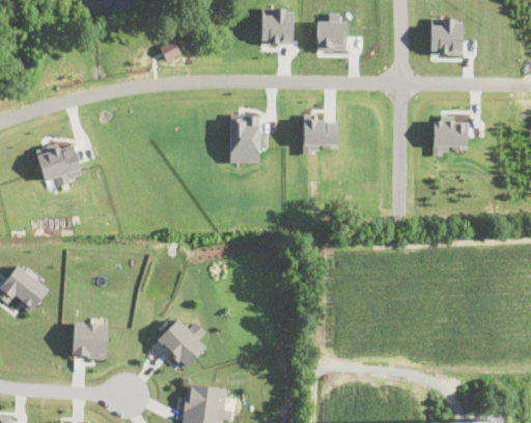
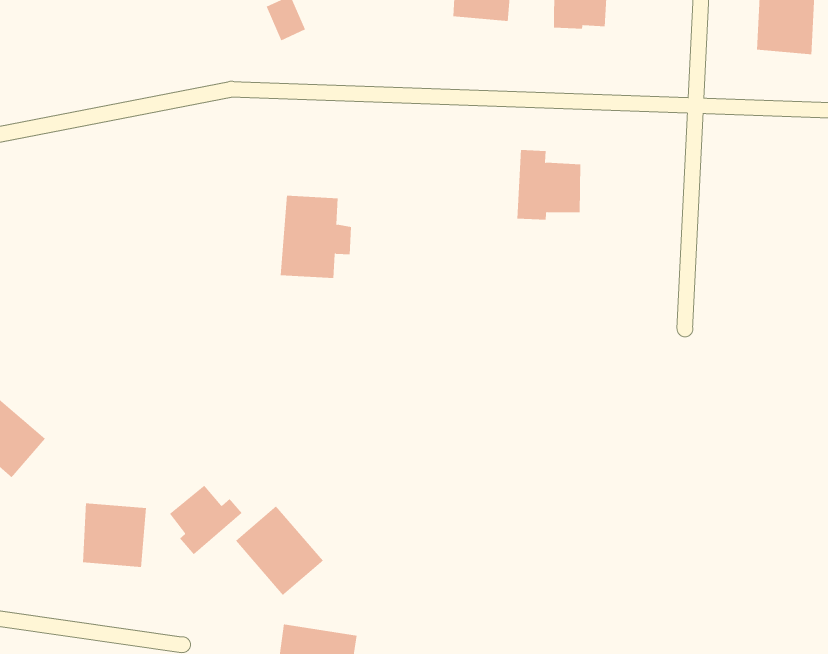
building: [229,117,268,162] -> [280,195,352,278]
building: [432,117,468,153] -> none
building: [36,144,81,186] -> none
building: none -> [169,485,242,555]

